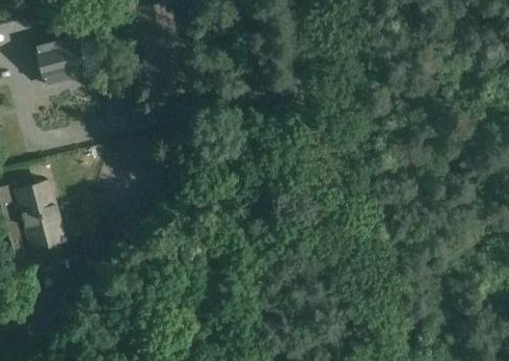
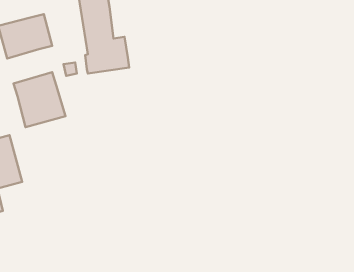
building: none -> [14,72,65,127]

